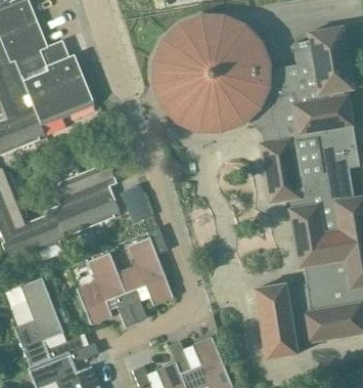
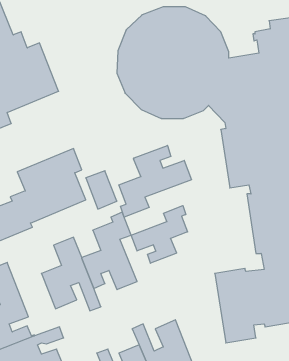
building: none -> [119,145,191,217]
building: none -> [131,206,188,263]

